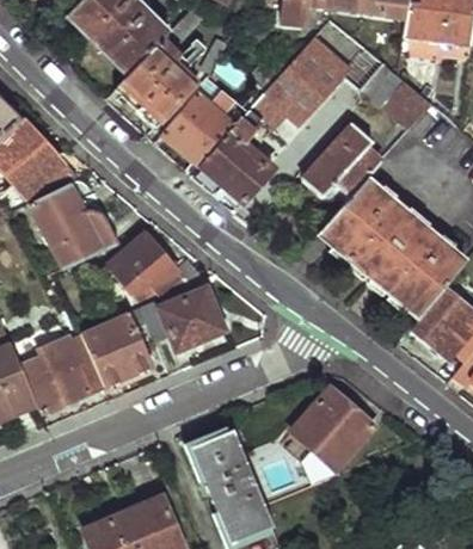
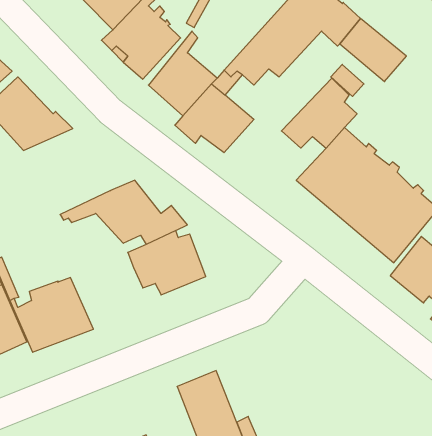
building: [29,184,123,269] -> none
building: [81,307,150,387] -> none
building: [293,388,375,470] -> none

